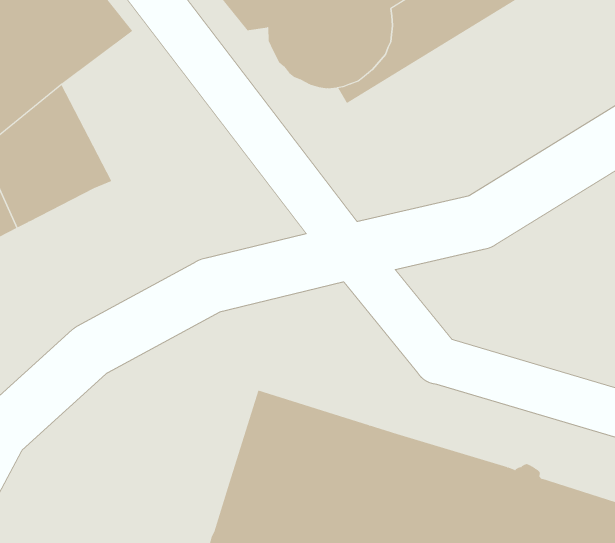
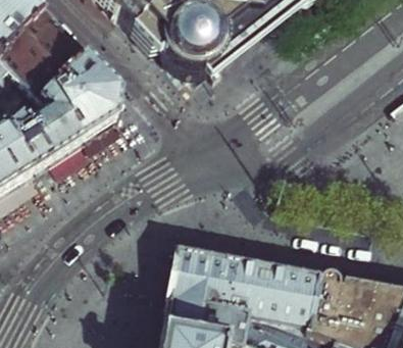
building: none -> [52,55,122,139]

